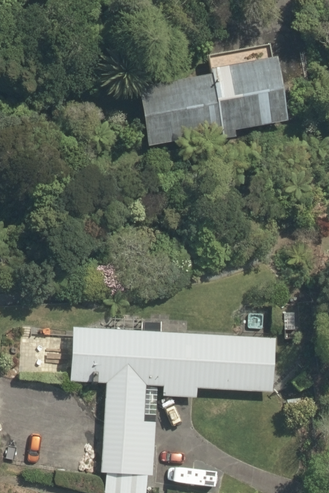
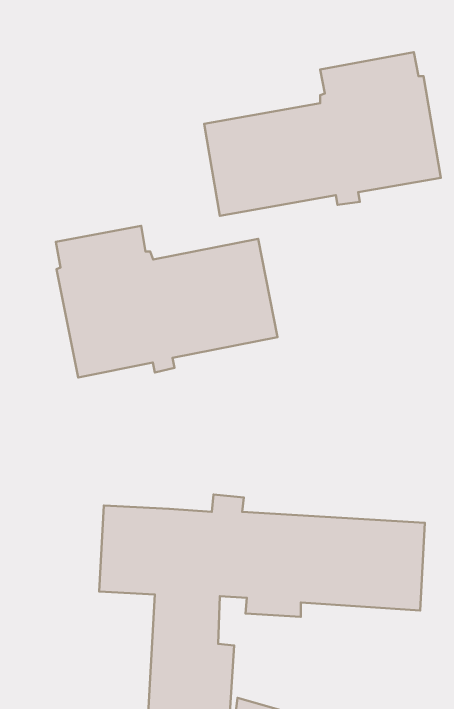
building: none -> [56,226,278,378]

